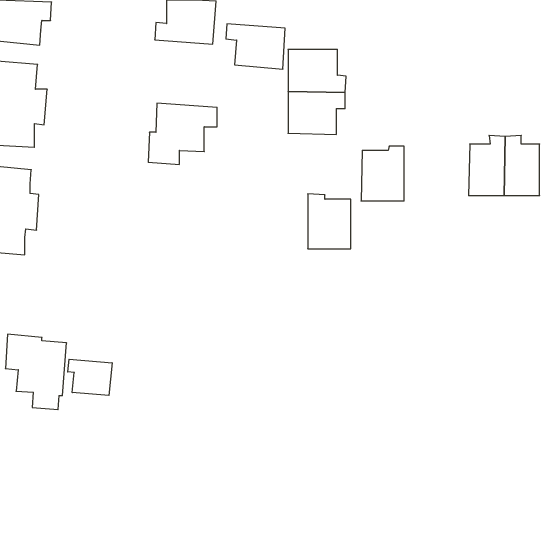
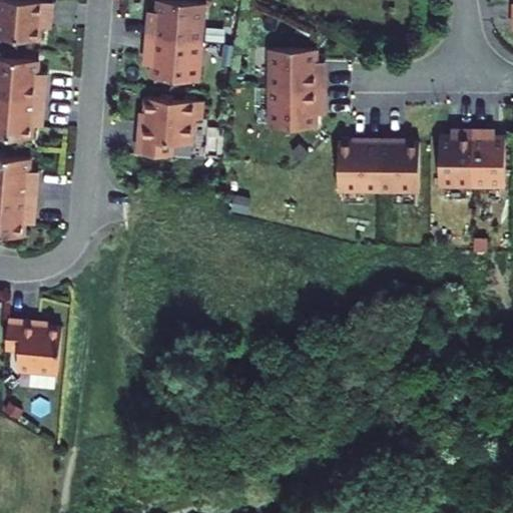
building: [226,24,285,69] -> [143,40,198,82]
building: [308,194,351,249] -> [377,139,417,190]
building: [68,359,112,395] -> none

